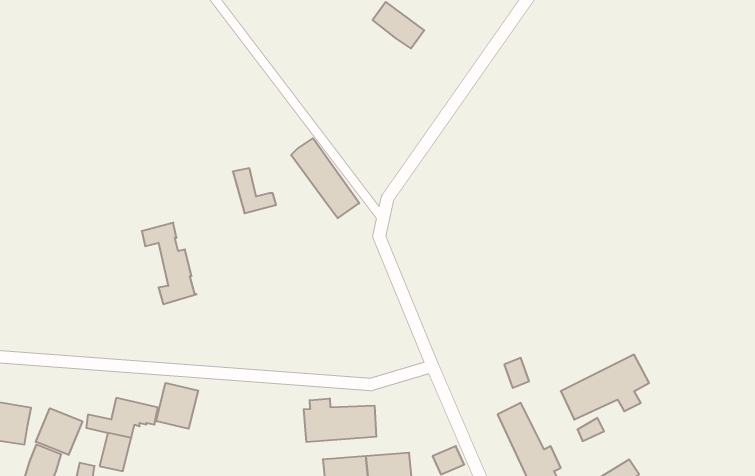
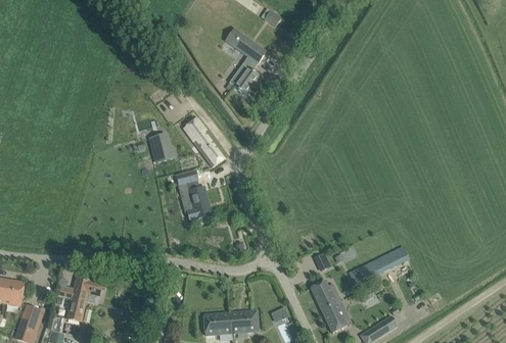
building: none -> [229,55,260,94]
building: [142,223,197,304] -> [177,169,211,219]
building: [156,383,198,429] -> none
building: [304,398,376,442] -> none
building: [36,408,82,455] -> none

